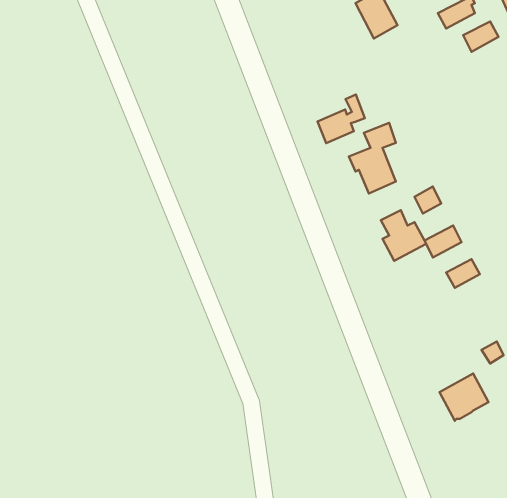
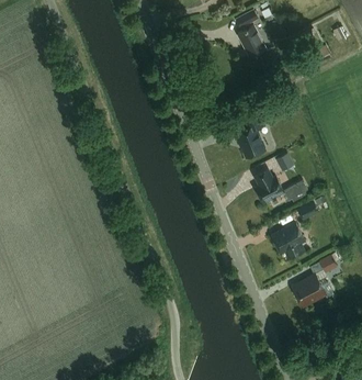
building: [317,95,365,143] -> none
building: none -> [273,224,305,258]

